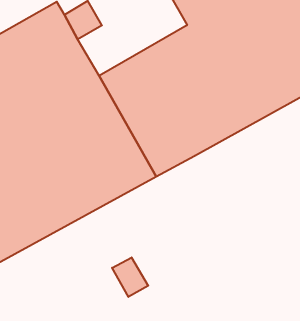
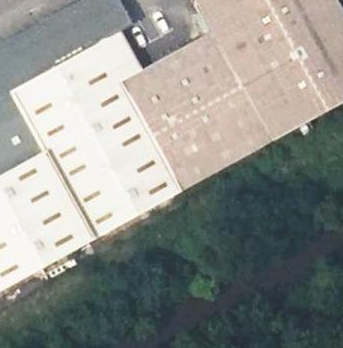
building: none -> [96,30,145,84]
building: [112,257,148,297] -> none

